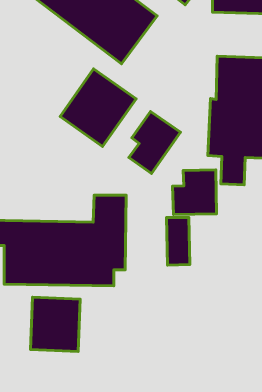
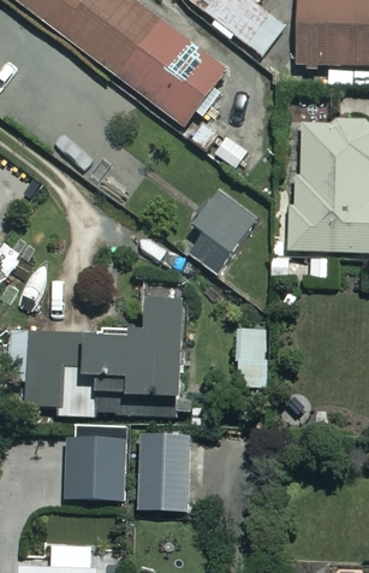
building: [60,69,136,147] -> none
building: [173,170,217,214] -> none
building: none -> [138,435,201,509]

